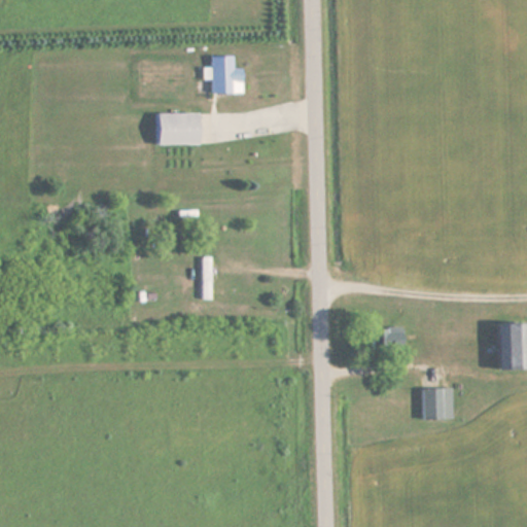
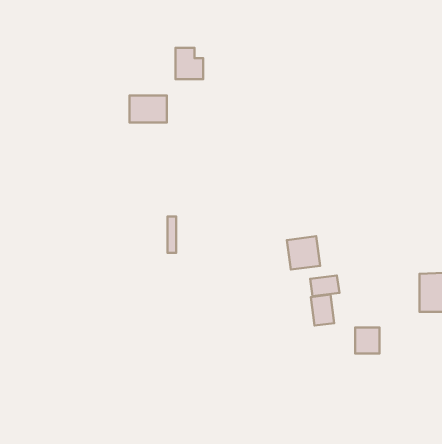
building: none -> [287,236,320,270]
building: none -> [311,295,334,326]

